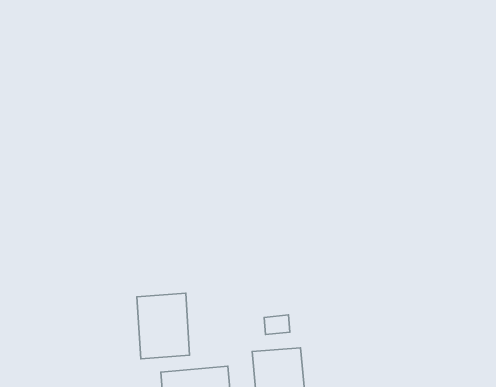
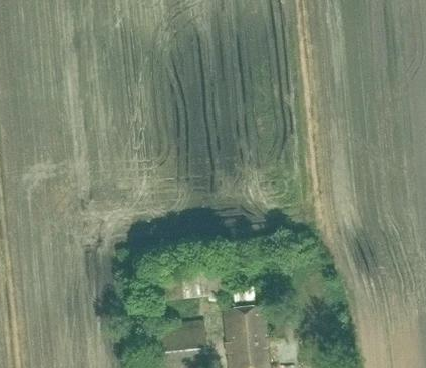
building: [137,293,190,359] -> none

